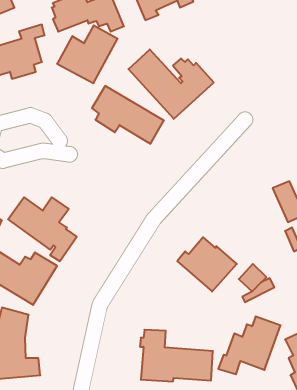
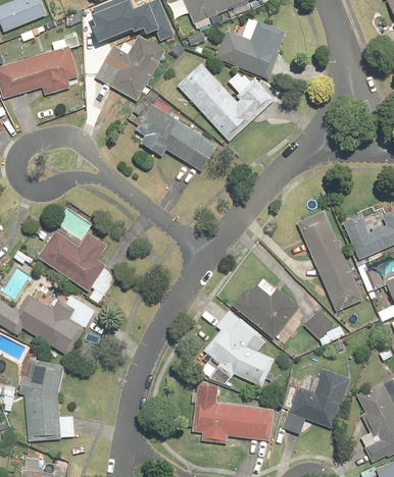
building: none -> [215,17,286,78]
building: none -> [295,210,363,312]
building: none -> [203,311,275,386]

